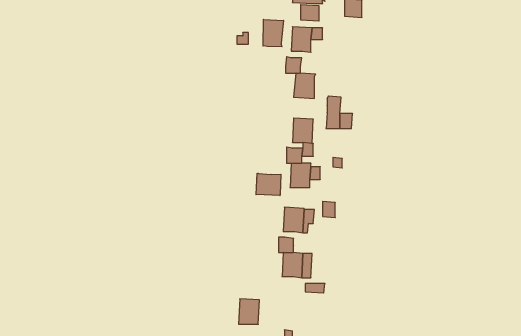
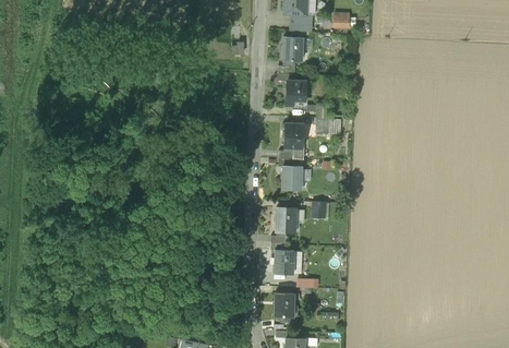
building: [263,19,283,47] -> none
building: [256,173,281,196] -> none
building: [239,299,259,324] -> [274,292,293,316]

